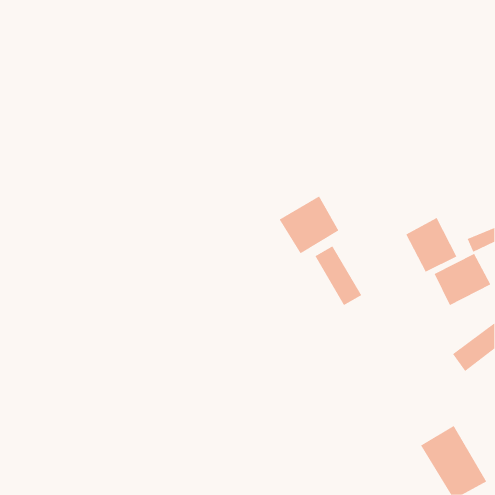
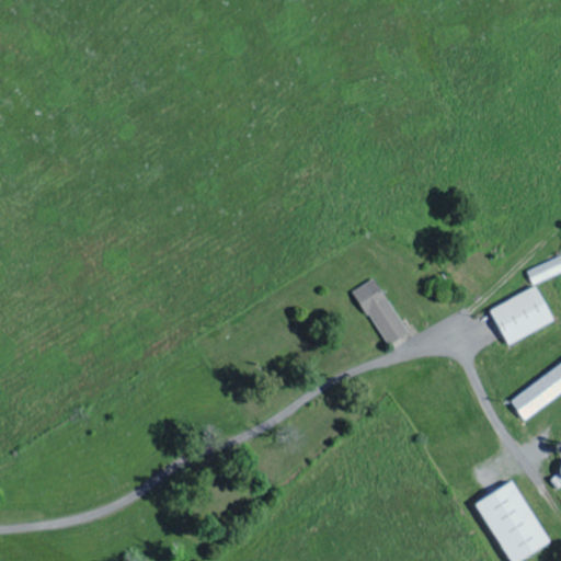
building: [279,196,339,254] -> none
building: [406,217,457,272] -> none

